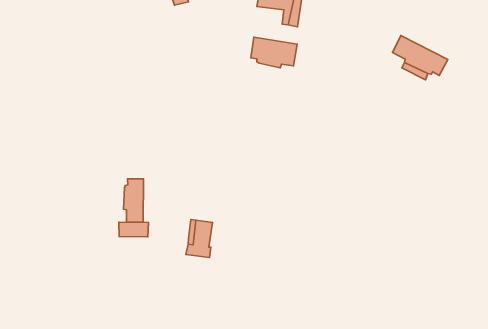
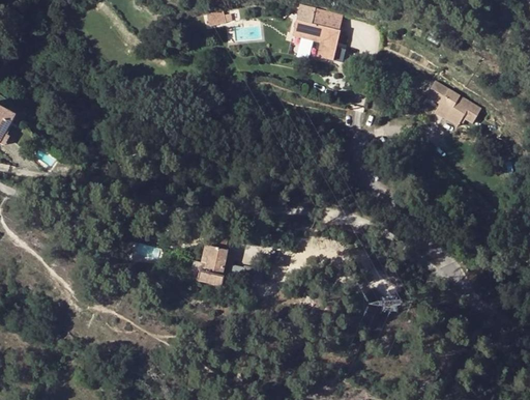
building: [251,37,297,68] -> none
building: [124,179,144,222] -> none

